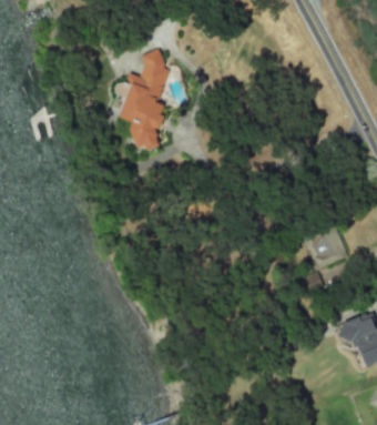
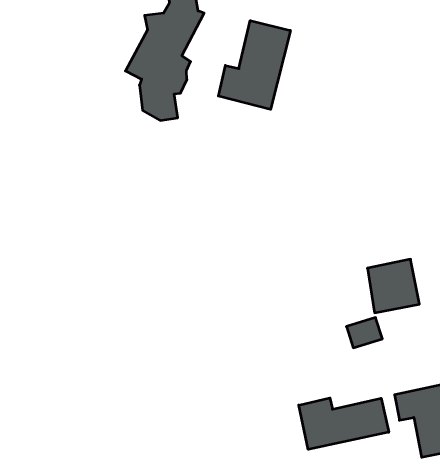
building: none -> [218,21,290,109]
building: none -> [299,398,389,449]

